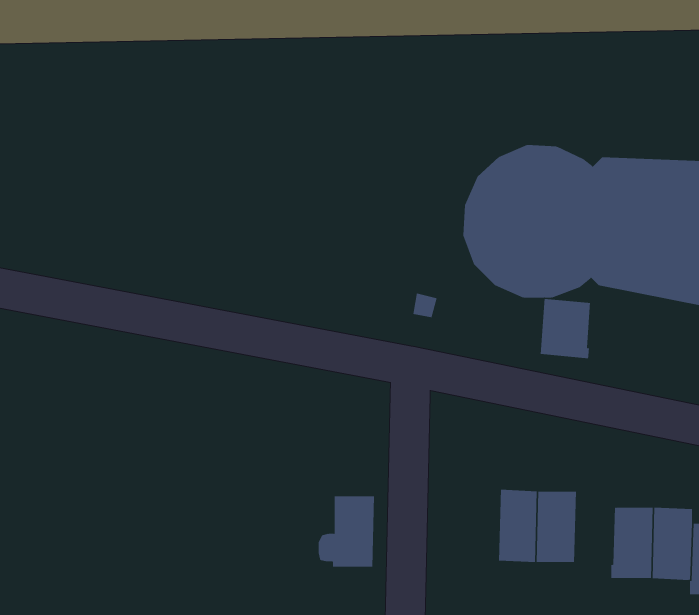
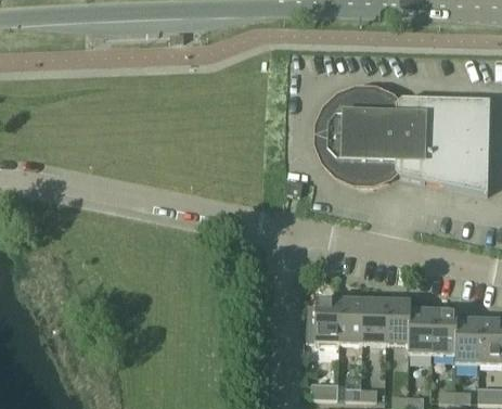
building: [540,298,590,359] -> none
building: none -> [386,301,411,345]
building: [318,496,375,567] -> [306,299,340,343]

